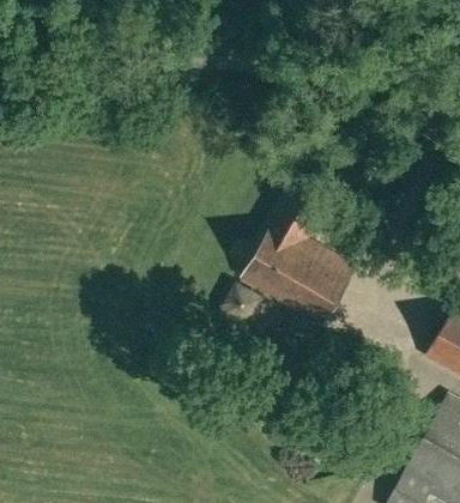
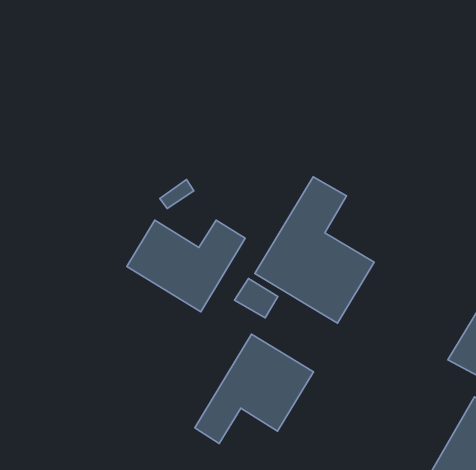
building: none -> [127,220,245,312]
building: none -> [195,334,313,443]

